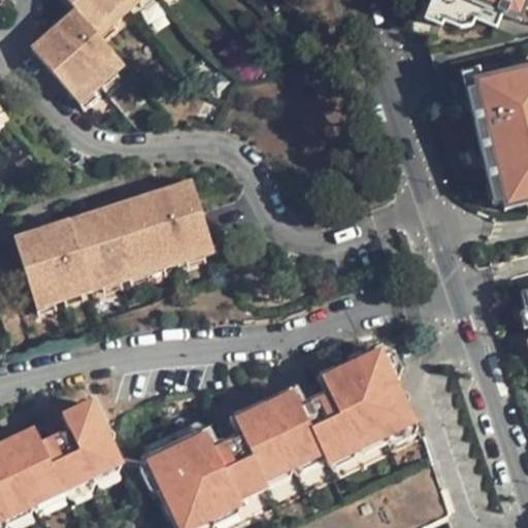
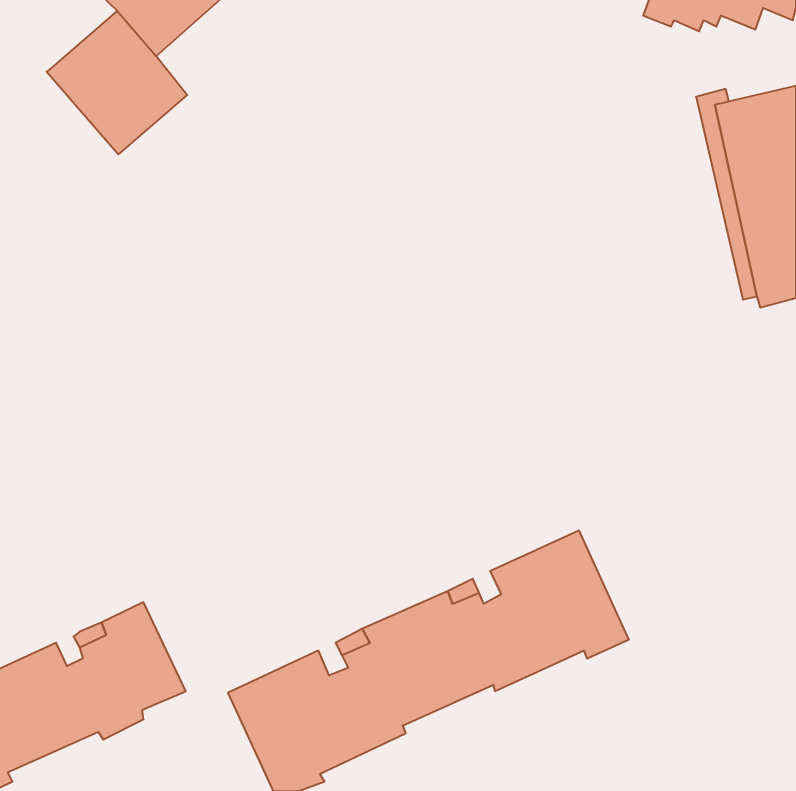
building: [18,183,216,307] -> none

